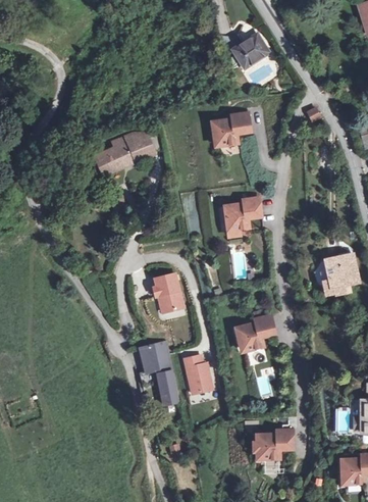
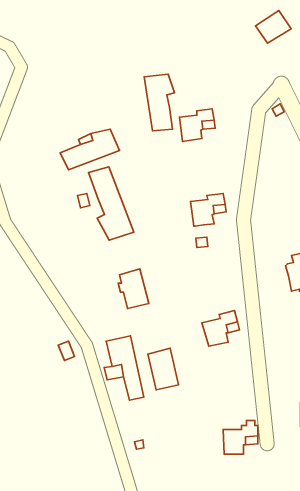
building: [232,34,268,66] -> [255,11,291,43]
building: none -> [144,74,174,131]
building: none -> [88,167,134,240]

